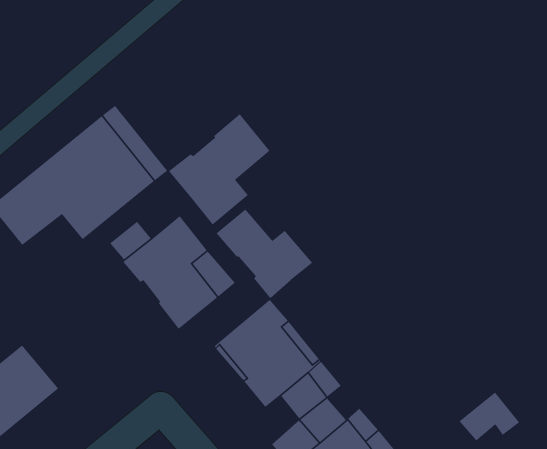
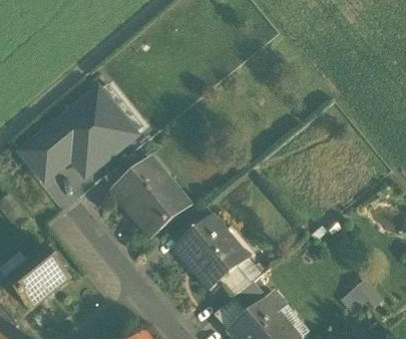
building: [168,113,271,226] -> none
building: [216,208,313,299] -> none

